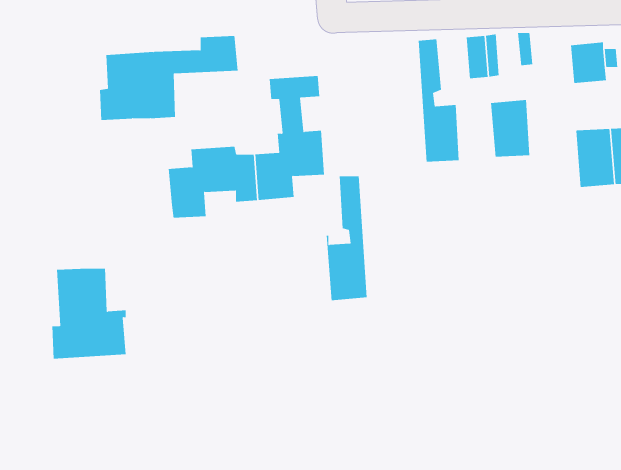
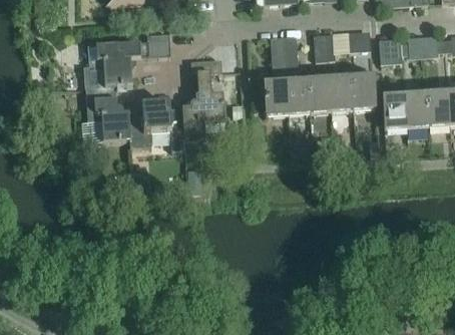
building: none -> [353,65,377,107]
building: none -> [309,74,333,110]
building: [326,176,368,301] -> [264,35,290,113]
building: [51,268,127,359] -> [83,84,130,141]

